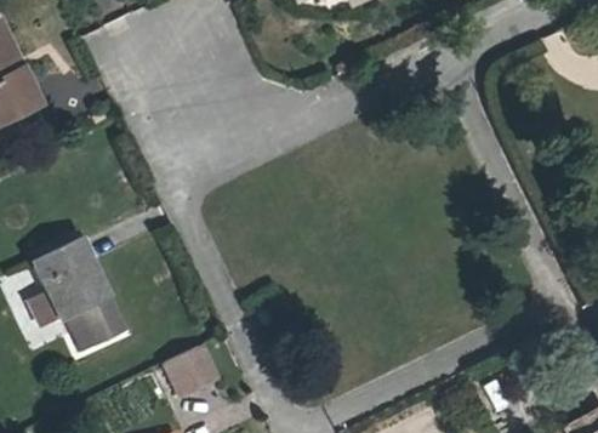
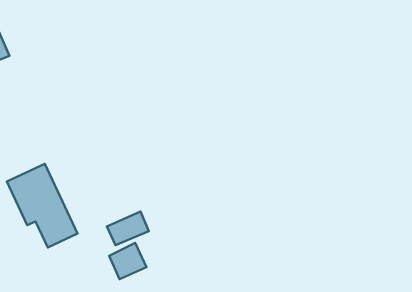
building: none -> [107,212,149,245]

